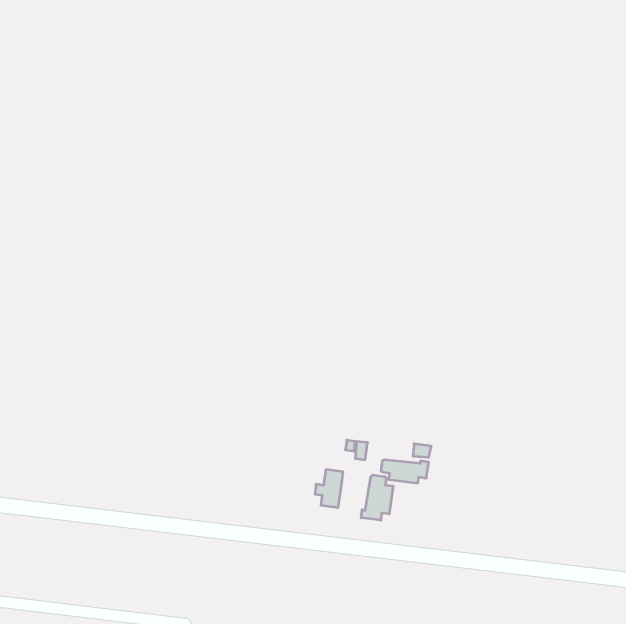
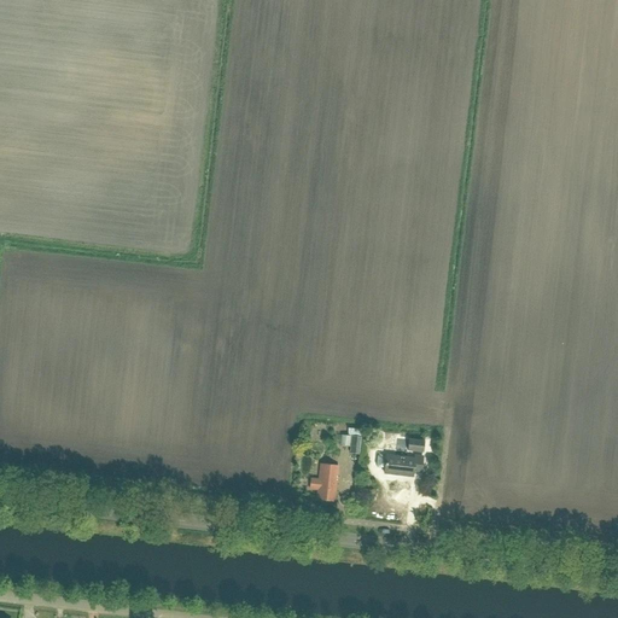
building: [361,475,393,520] -> none

